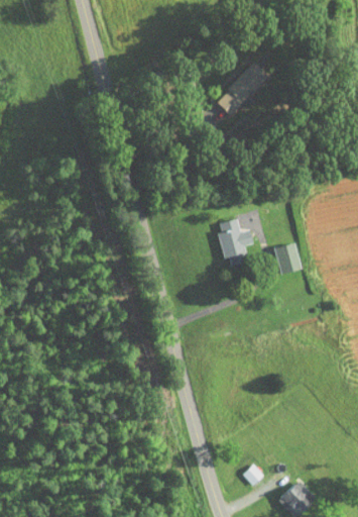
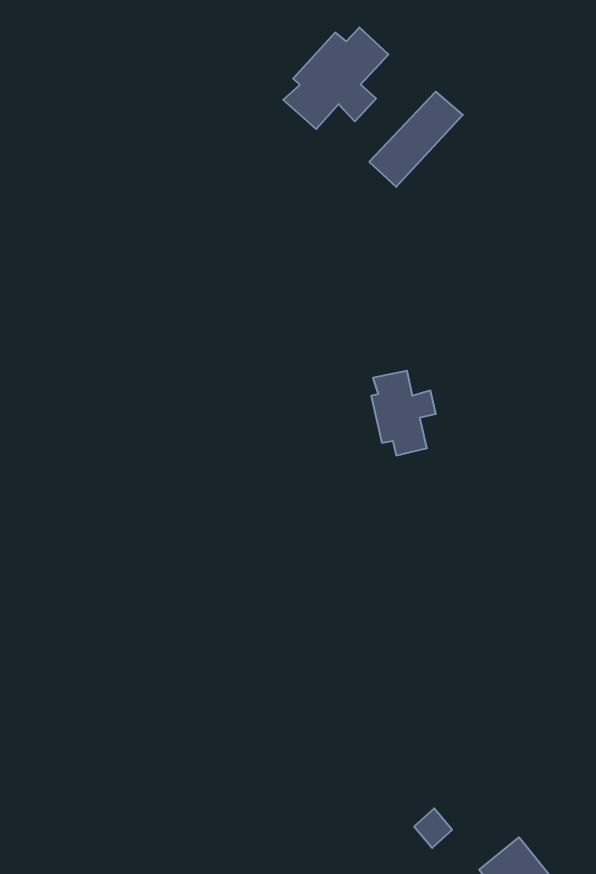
building: none -> [283,27,388,129]
building: [275,242,302,274] -> none

